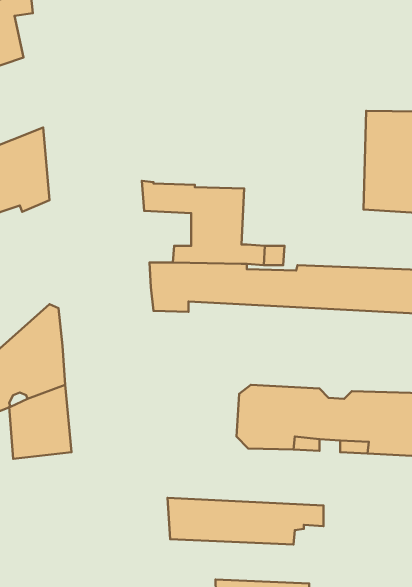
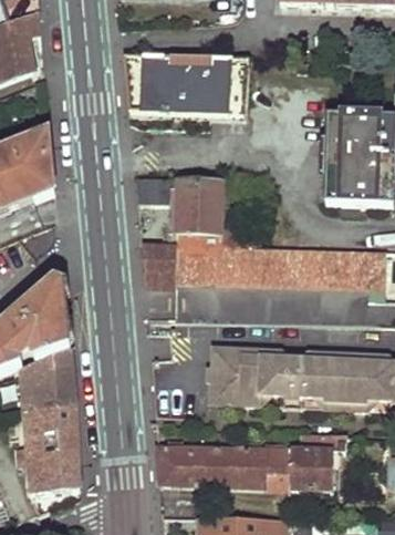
building: none -> [122,55,246,114]
building: none -> [21,407,80,495]
building: none -> [289,436,345,492]

